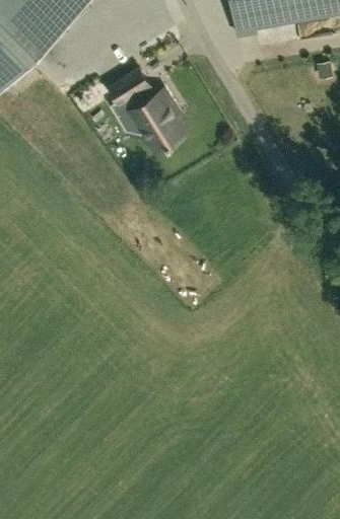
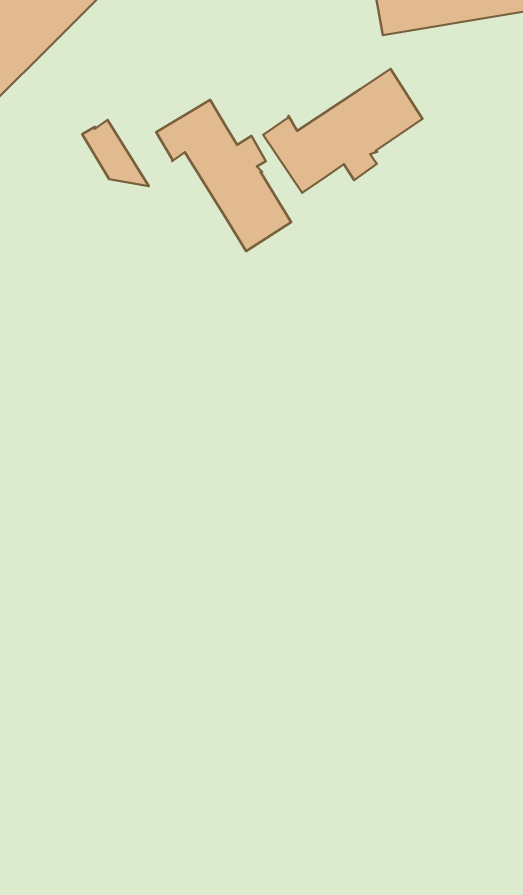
building: none -> [263,69,422,193]
building: [112,94,149,132] -> [82,120,149,186]

